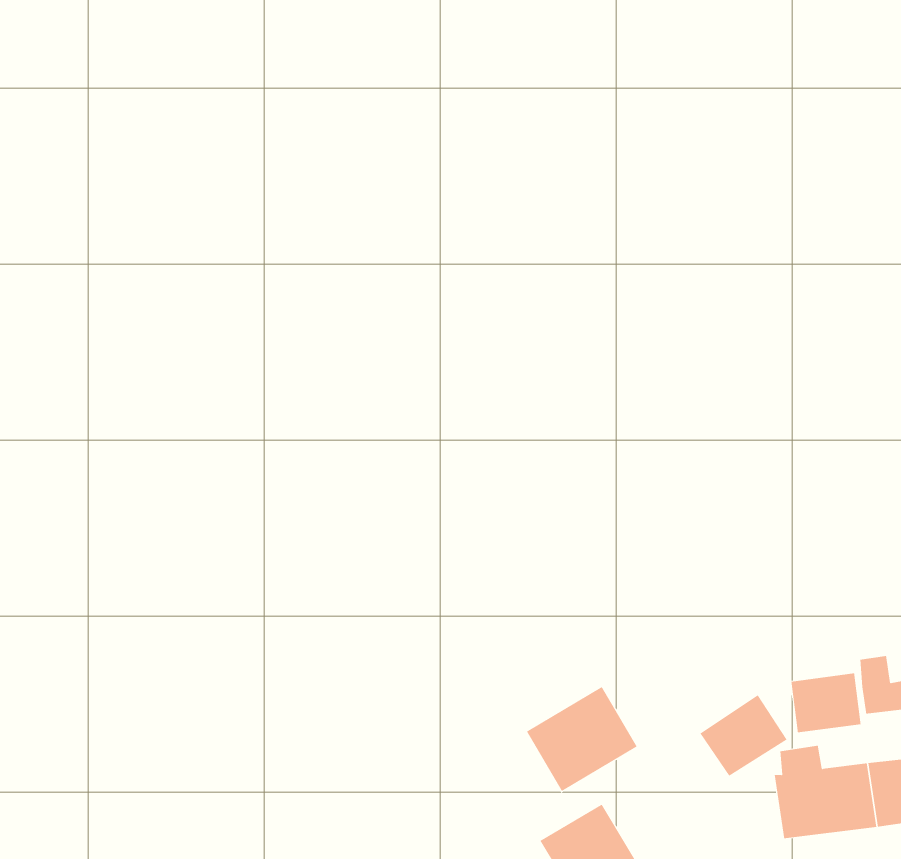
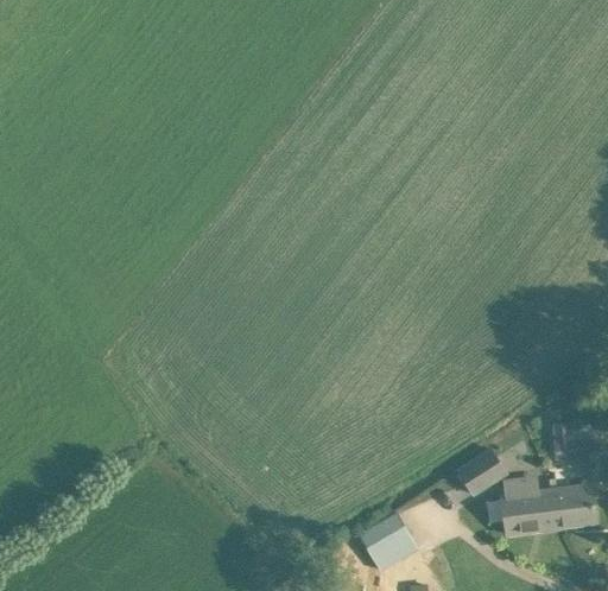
building: [791,673,861,733] -> none
building: [526,686,638,792] -> none

